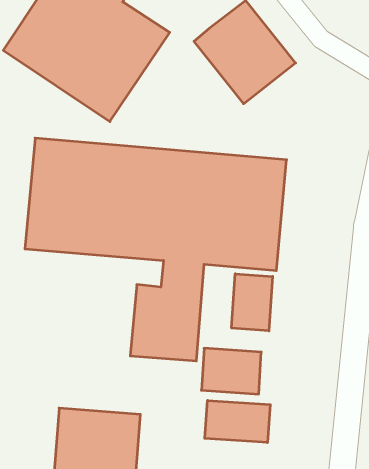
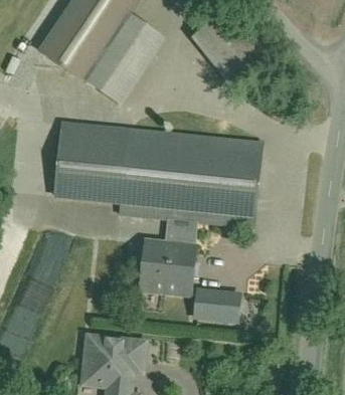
building: [232,274,273,331] -> none
building: [205,400,270,443] -> none

